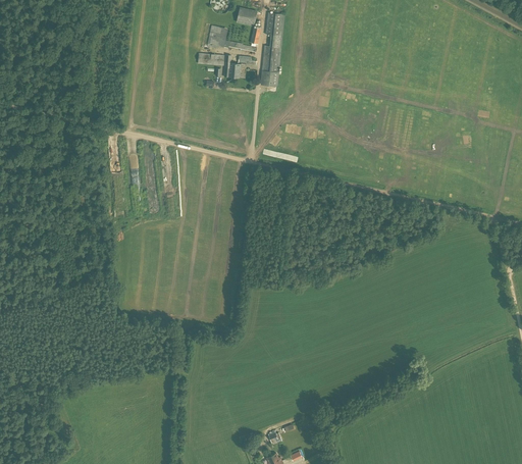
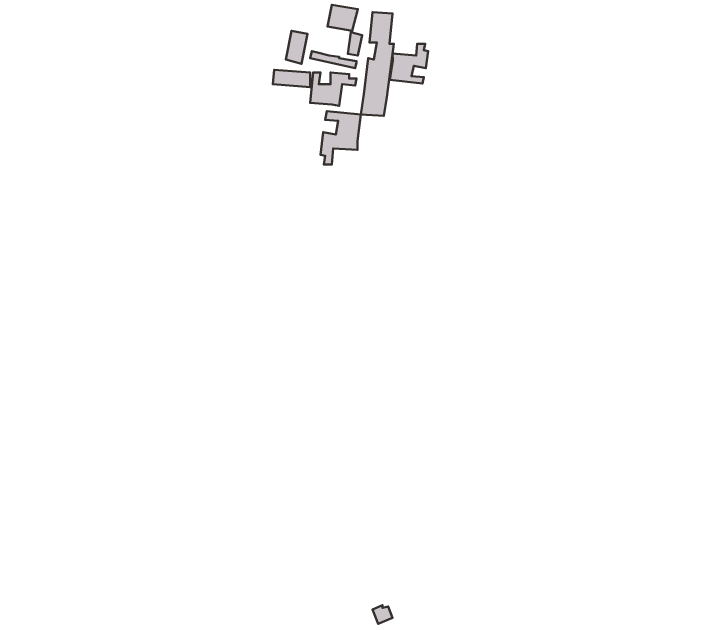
building: none -> [390,44,428,84]
building: none -> [321,111,361,165]

